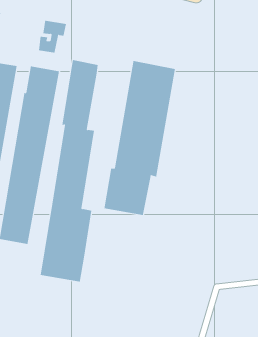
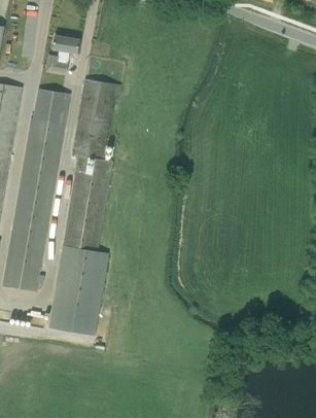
building: [104,60,176,216] -> none

